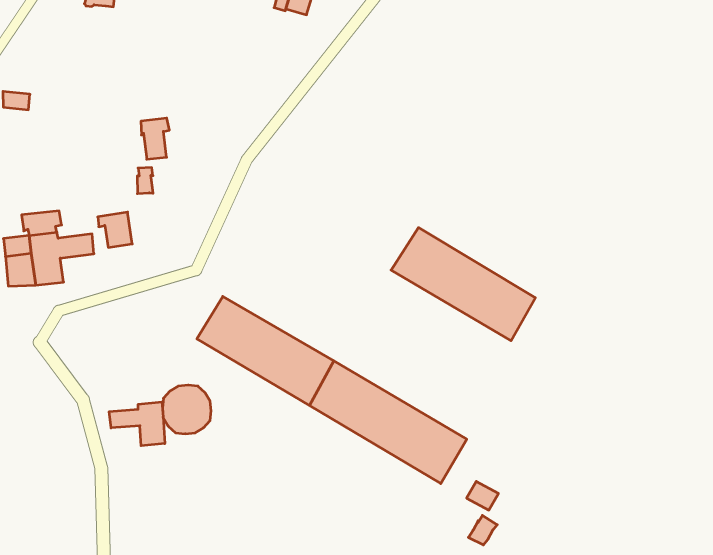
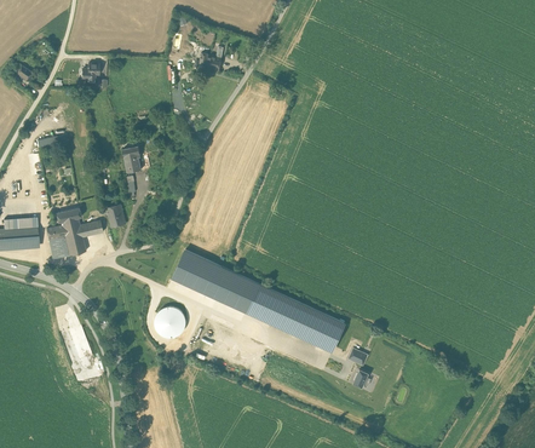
building: [391,228,535,341] -> none
building: [109,402,165,446] -> none

